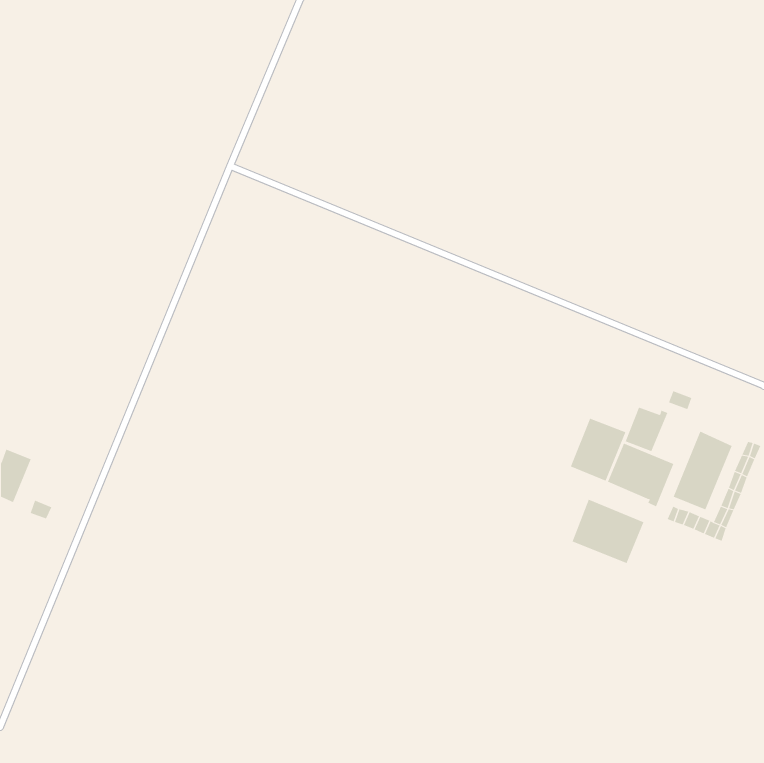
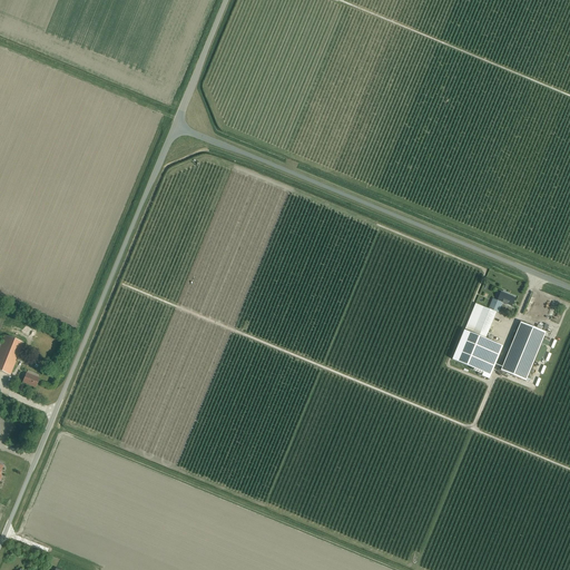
building: [570,418,626,482] -> none
building: [572,499,644,564] -> none

